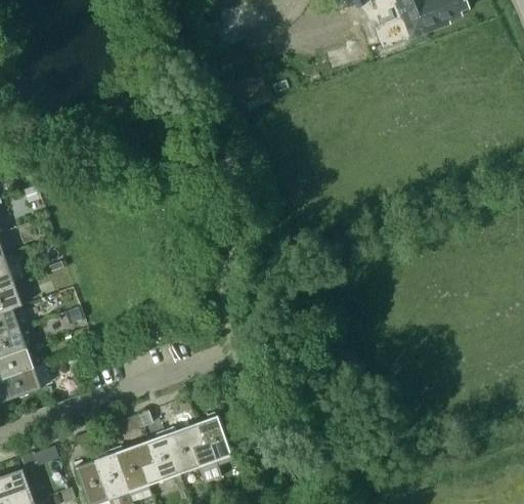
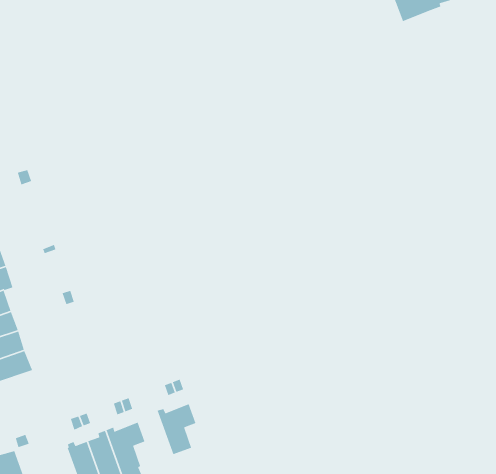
building: [192,411,232,481] -> none
building: [141,428,180,485] -> none

